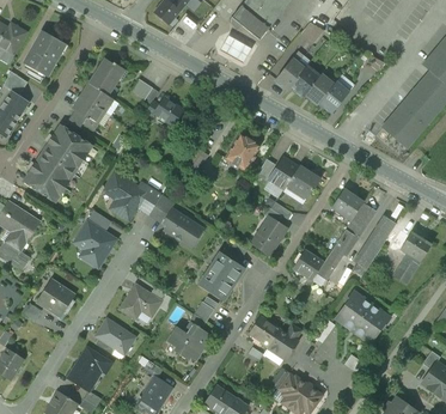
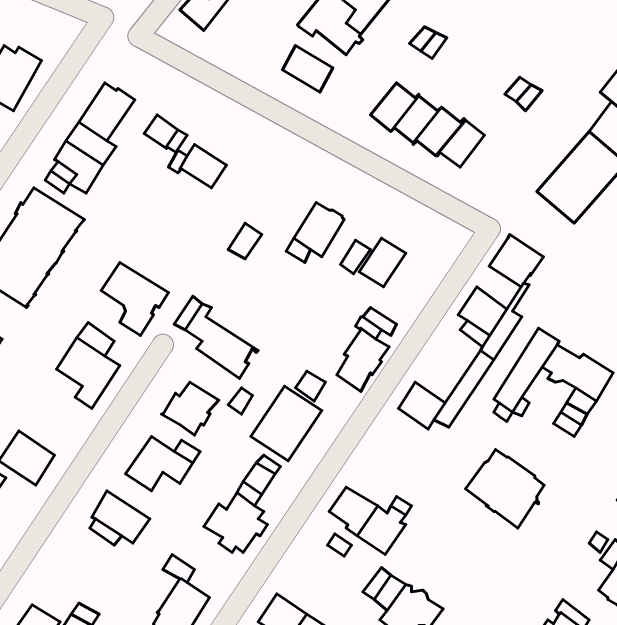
building: [286,164,320,197] -> [489,234,543,287]
building: none -> [162,382,219,435]
building: [67,346,111,388] -> none

